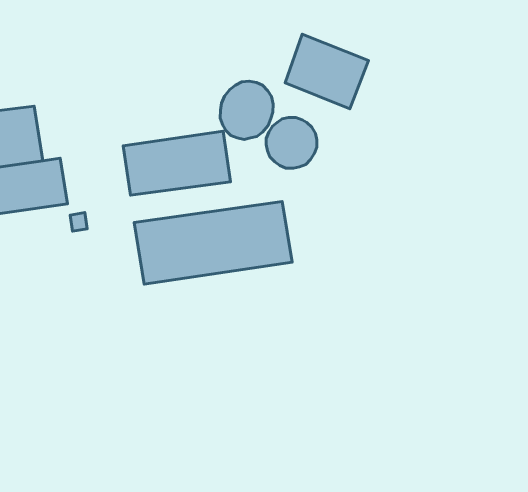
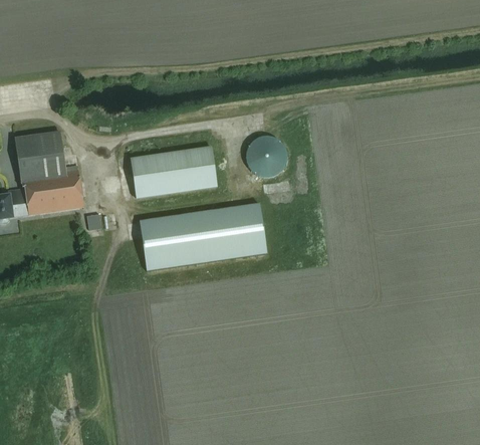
building: [285,34,368,109] -> none
building: [220,81,273,139] -> none

